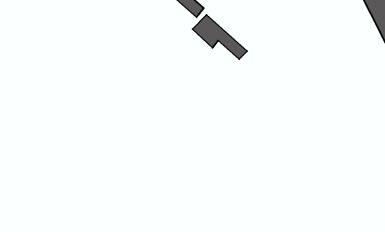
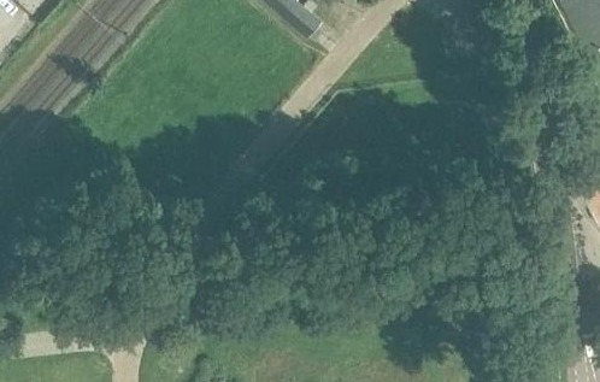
building: [193,15,247,59] -> none

